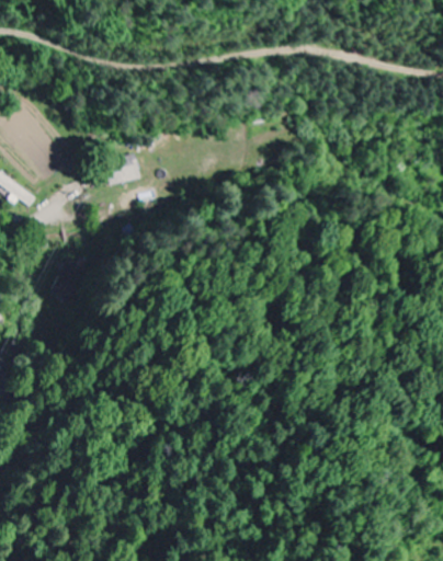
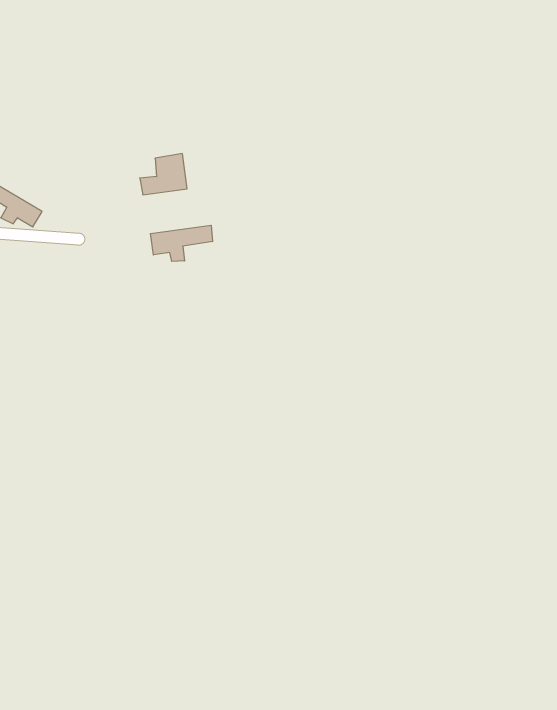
building: none -> [150,225,212,261]

